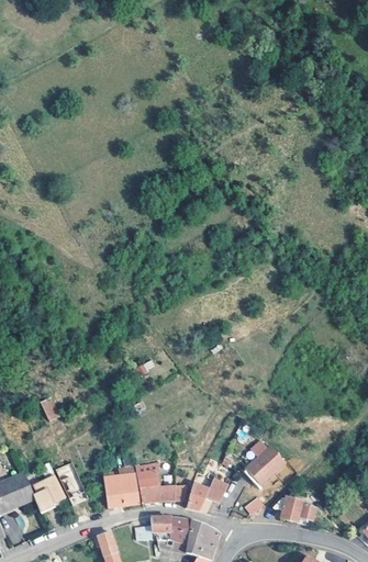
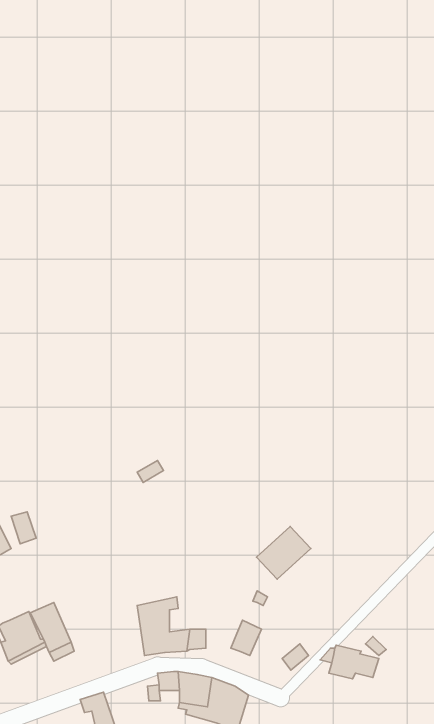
building: [245,447,286,486] -> [257,526,311,579]
building: [104,473,140,507] -> none
building: [187,482,212,512] -> none

